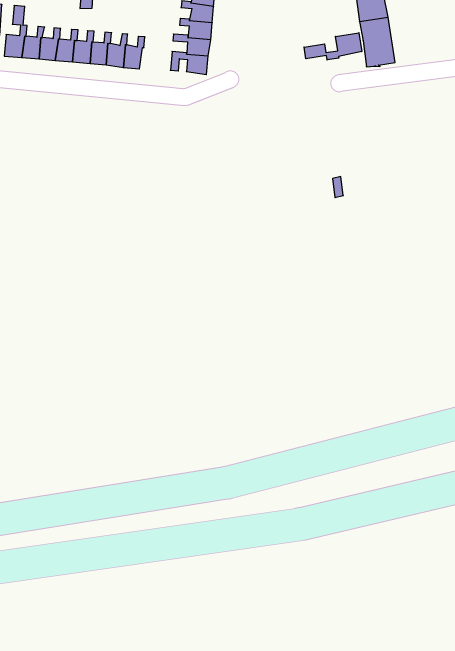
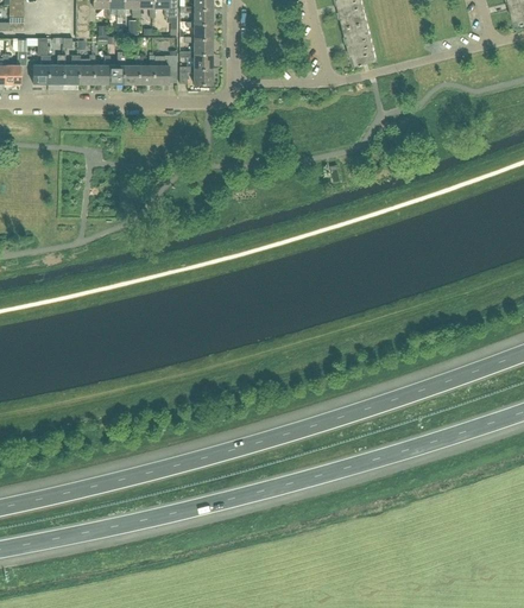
building: [304,33,362,60] -> none
building: none -> [152,56,176,84]

